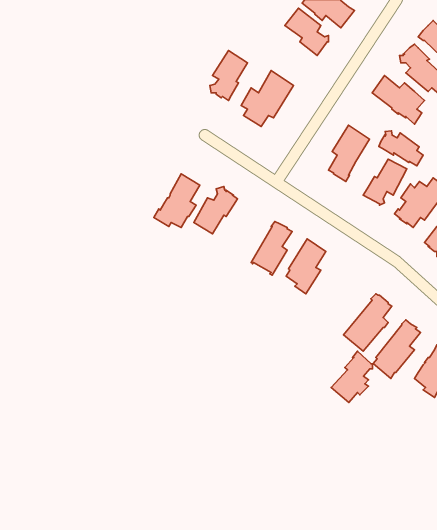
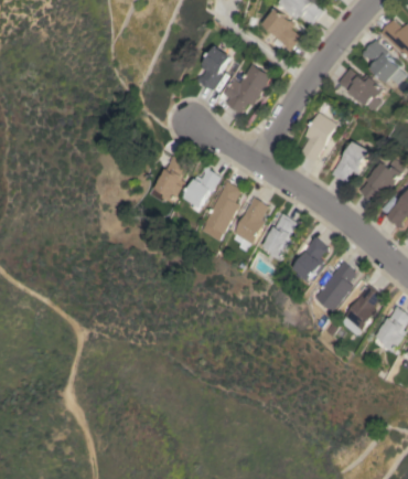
building: [379,131,423,166] -> none
building: none -> [197,180,240,240]
building: [331,351,372,402] -> [291,235,328,280]

